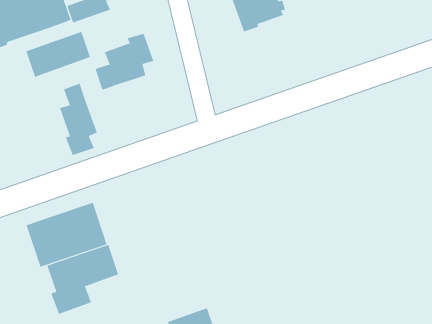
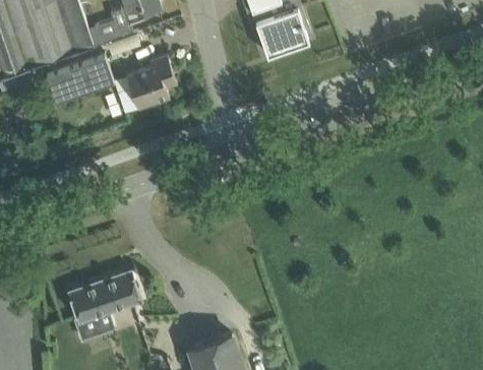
building: [59,83,98,156] -> none
building: [26,202,107,268] -> none

